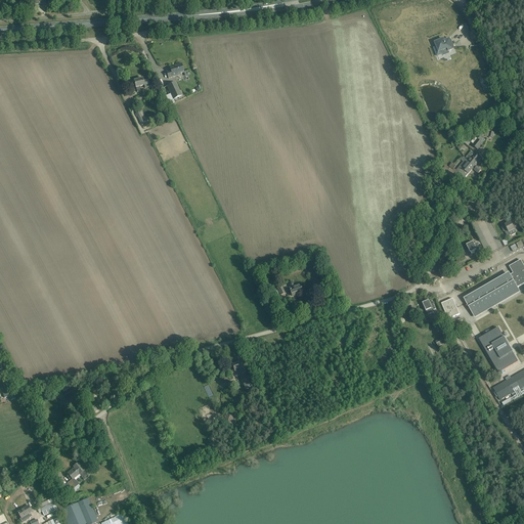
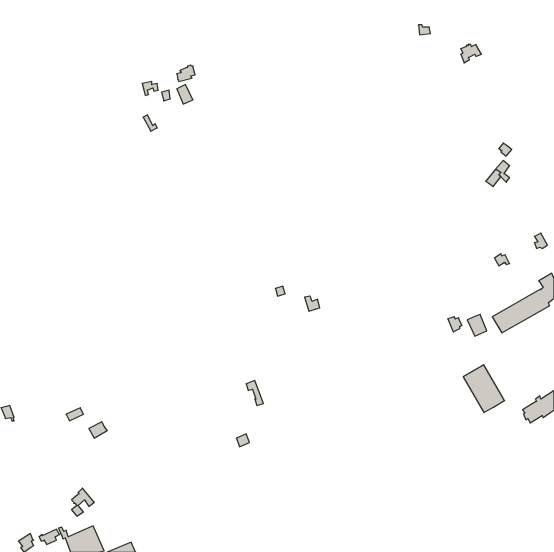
building: [479,326,518,372] -> [463,365,505,413]

